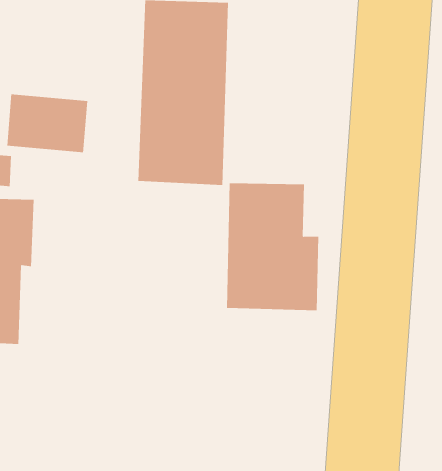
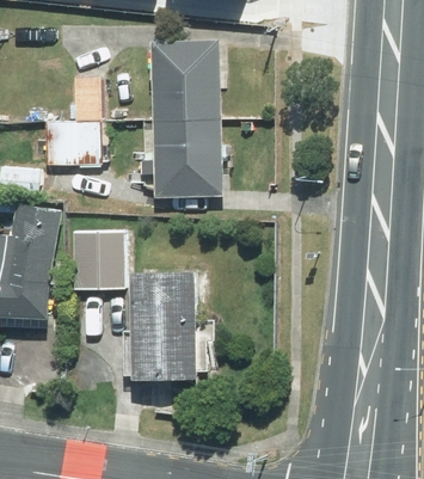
building: [226,183,319,311] -> [134,274,213,382]
building: none -> [67,229,124,294]

